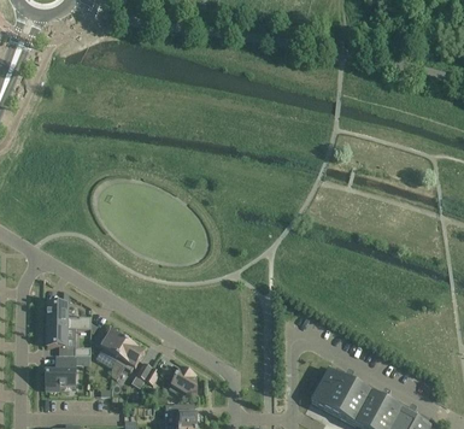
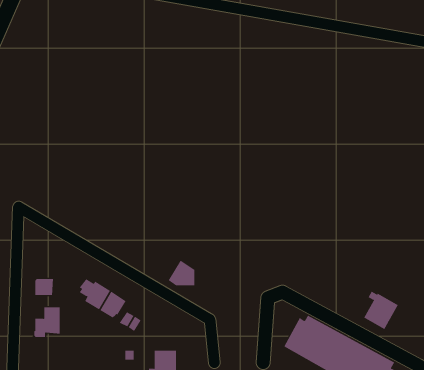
building: [47,305,90,327] -> none
building: none -> [363,291,399,330]
building: [168,366,196,394] -> [168,260,195,286]

